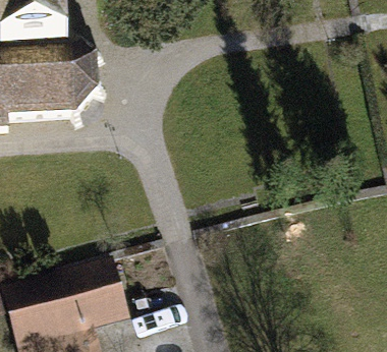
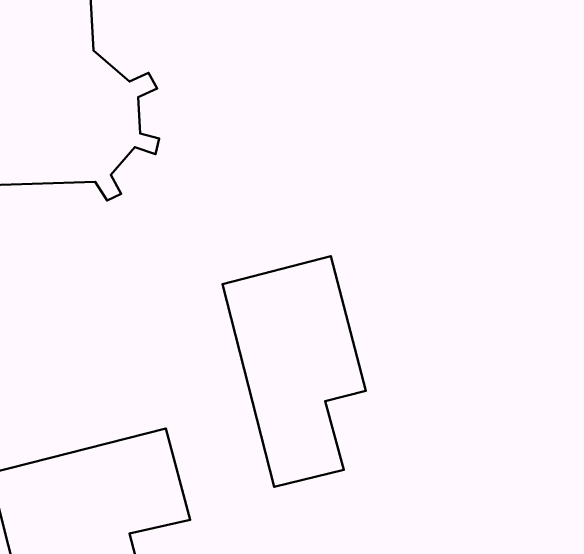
building: none -> [222,256,366,487]

